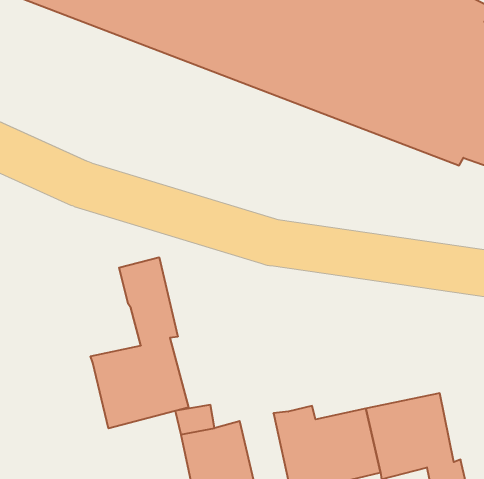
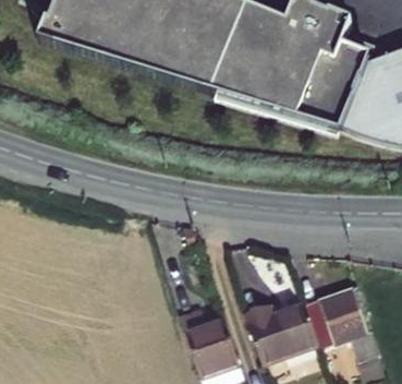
building: [91,257,189,428] -> none

